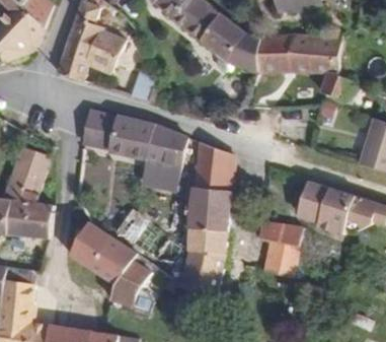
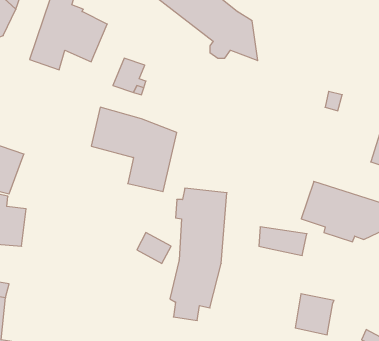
building: [253,35,353,100] -> none
building: [75,107,119,149] -> none
building: [194,130,233,191] -> none
building: [70,221,154,307] -> none
building: [263,241,298,277] -> [295,294,334,335]

